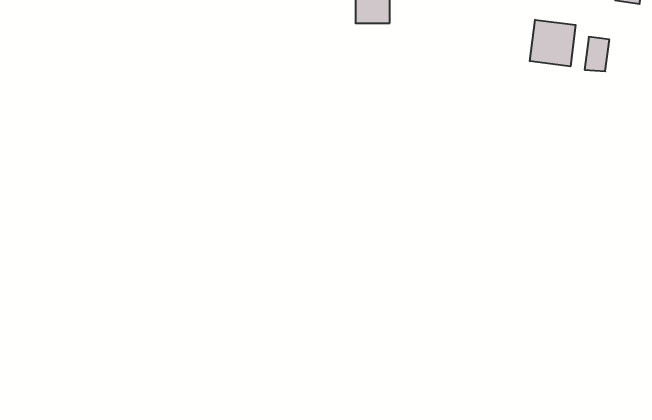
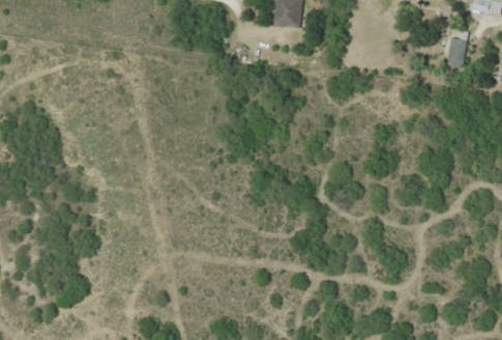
building: [530,20,576,66] -> none

